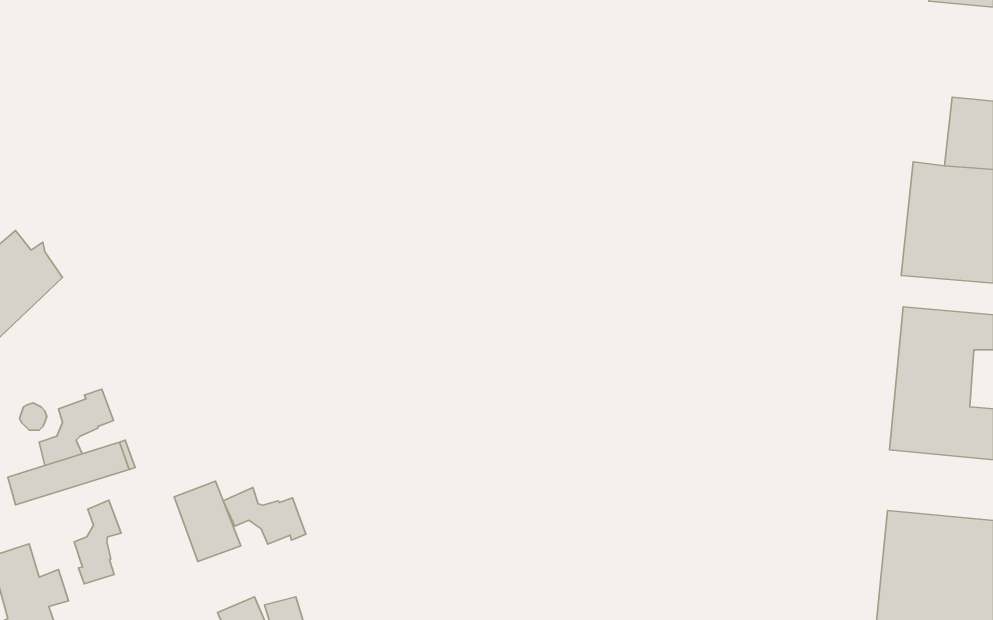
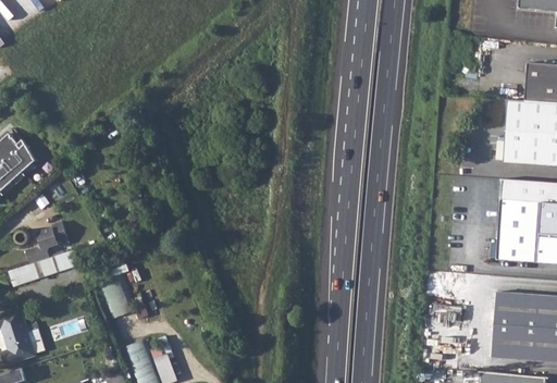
building: [223,488,306,544] -> none
building: [74,500,121,584] -> none

